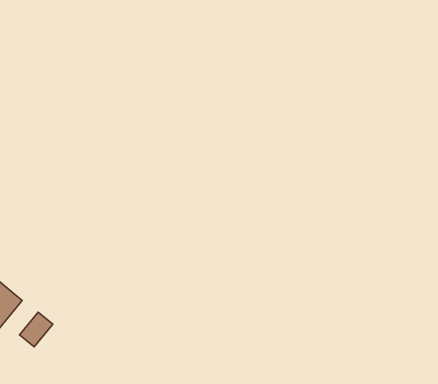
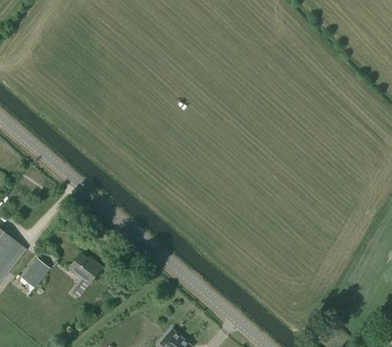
building: none -> [70,253,101,283]

